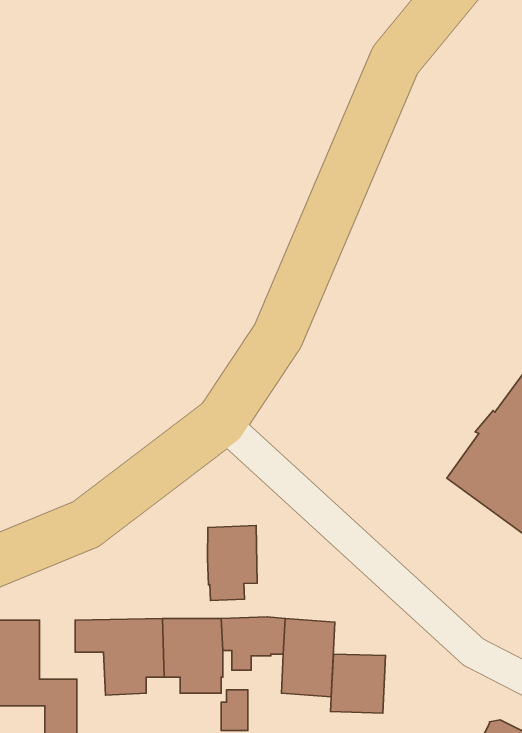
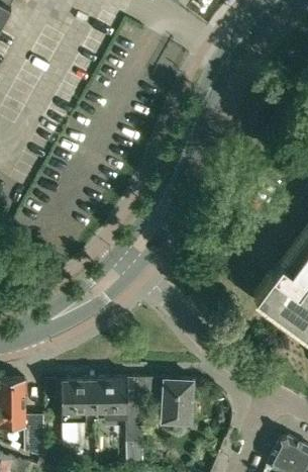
building: [207,526,257,601] -> none
building: [331,654,386,713] -> none

